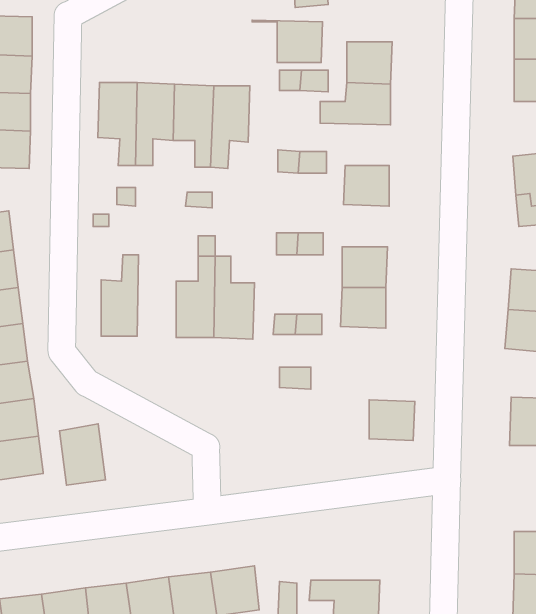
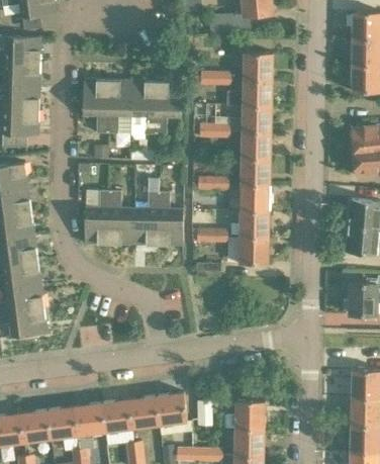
building: [252,20,323,62] -> [226,106,272,133]
building: none -> [241,159,271,186]
building: none -> [108,191,133,245]
building: [369,400,415,440] -> [240,238,269,264]
building: [60,424,106,485] -> none

